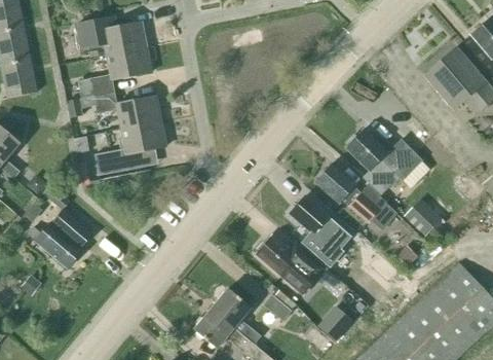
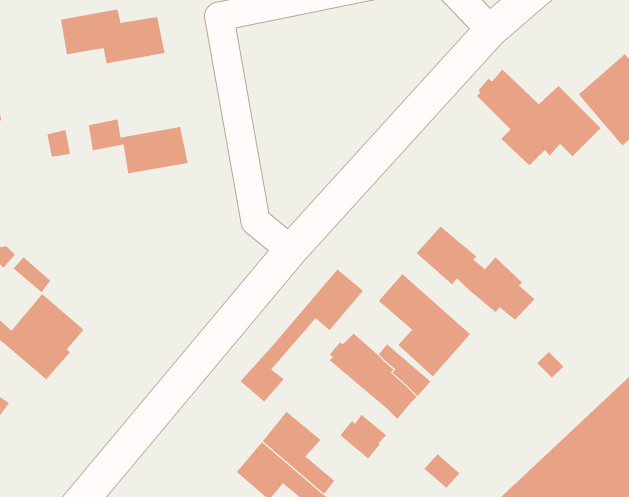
building: [79,47,152,99] -> none
building: [96,121,166,175] -> none
building: [346,129,430,194] -> [476,68,601,166]
building: none -> [239,269,364,403]
building: [406,200,441,235] -> none

